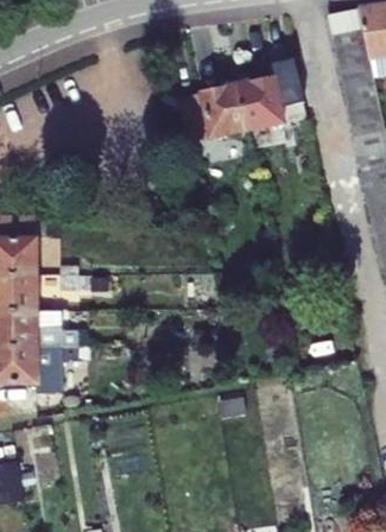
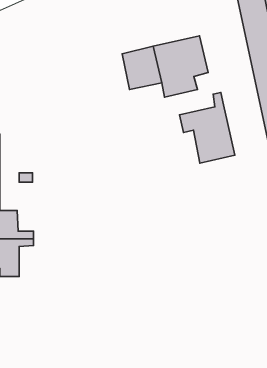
building: none -> [180,92,235,163]

